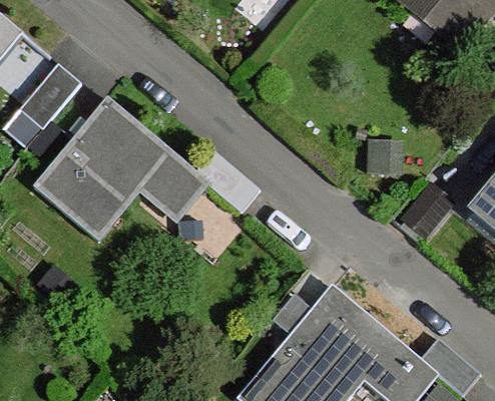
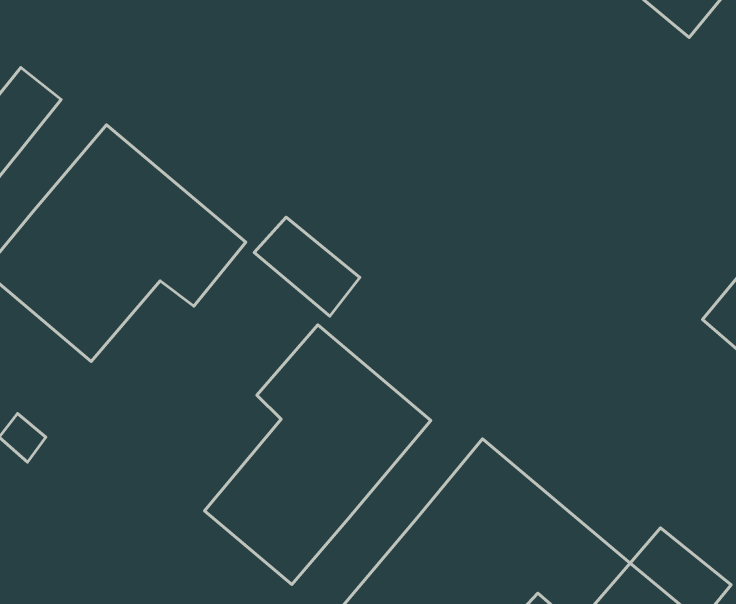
building: none -> [205,325,431,585]

